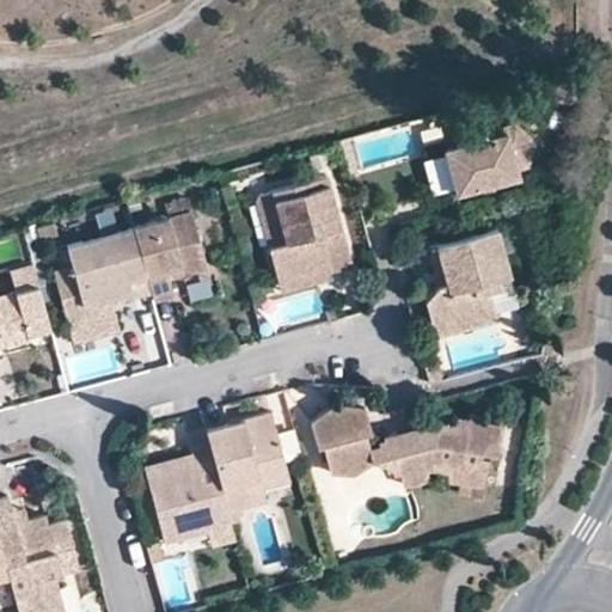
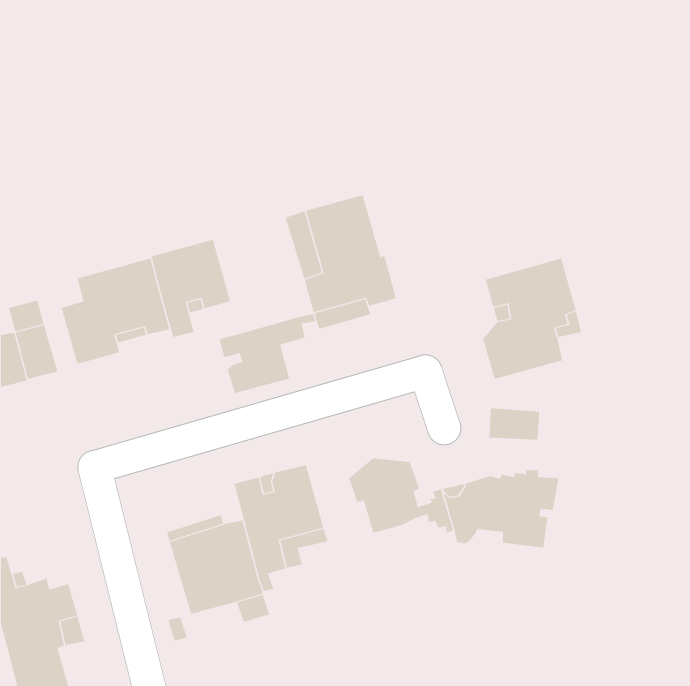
building: [442,128,527,196] -> none
building: none -> [219,314,316,394]
building: none -> [489,408,540,441]

